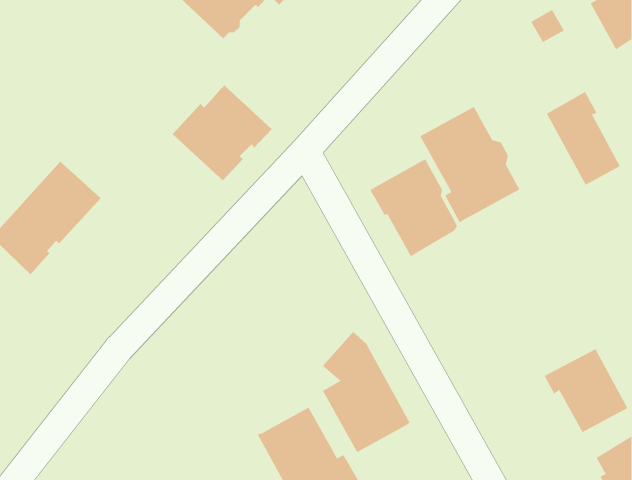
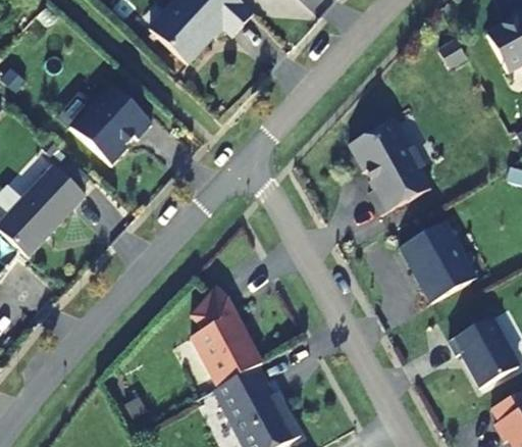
building: [172,84,273,181] -> [68,86,151,165]
building: [546,91,620,185] -> none
building: [369,159,458,257] -> [399,218,471,299]
building: [322,331,410,453] -> [189,286,261,386]

